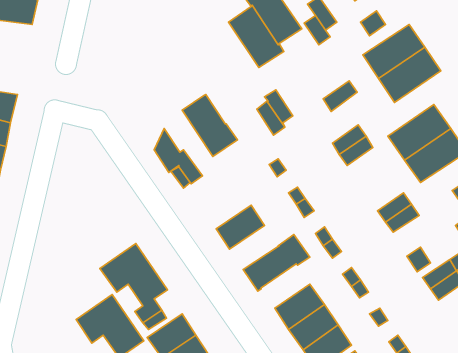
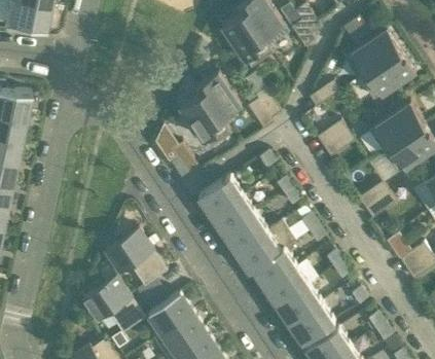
building: none -> [194,72,240,120]
building: none -> [197,176,242,216]
building: none -> [222,213,267,253]
building: none -> [251,248,295,288]

